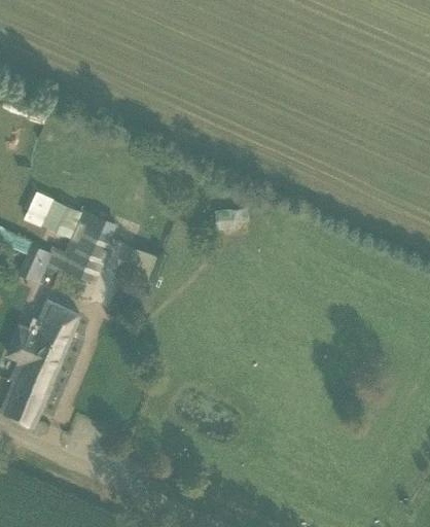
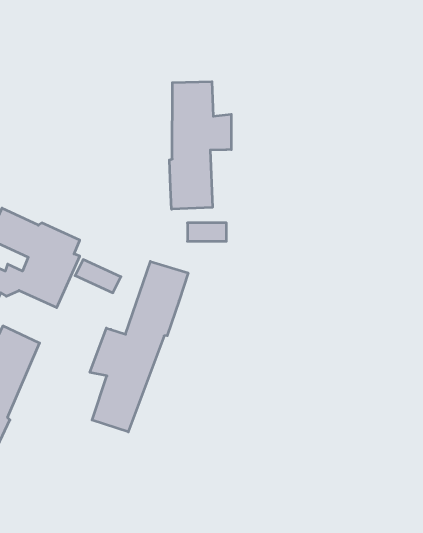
building: none -> [169,82,231,209]
building: none -> [90,261,188,432]

